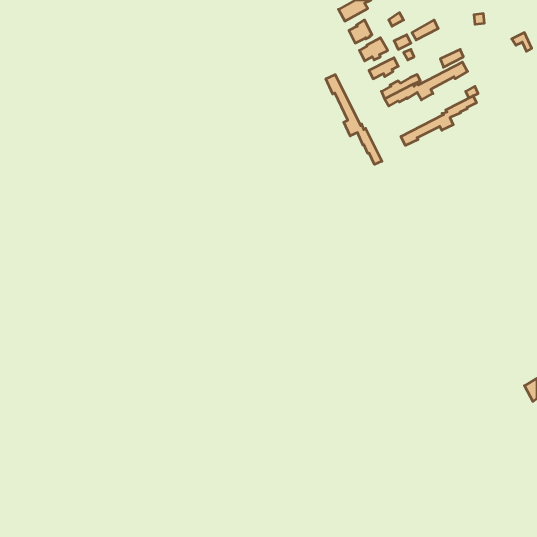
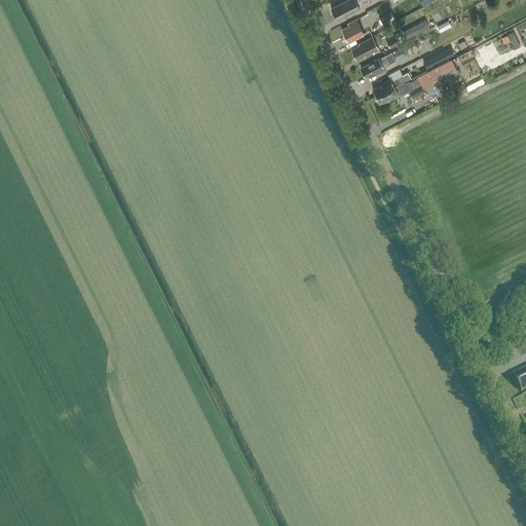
building: [326,75,382,164] -> none
building: [401,96,476,145] -> none

